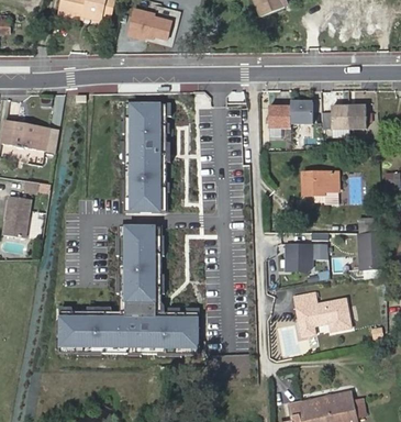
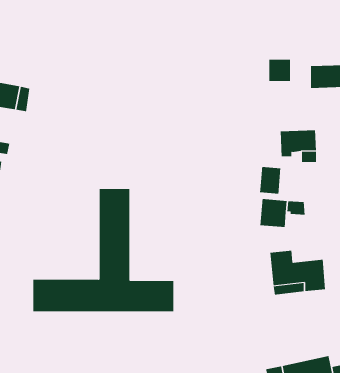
building: [129,102,161,213] -> none
building: [269,106,291,127] -> none
building: none -> [260,166,281,194]

